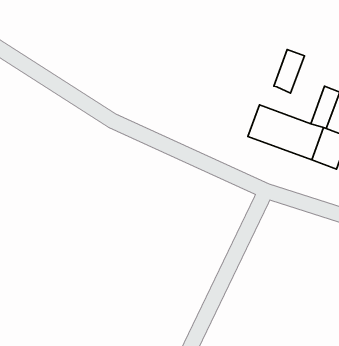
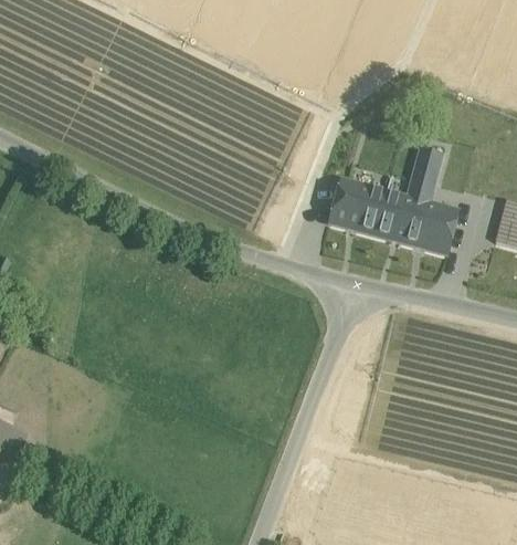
building: [274,50,304,93] -> none

